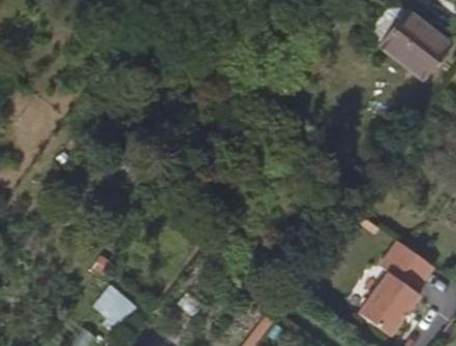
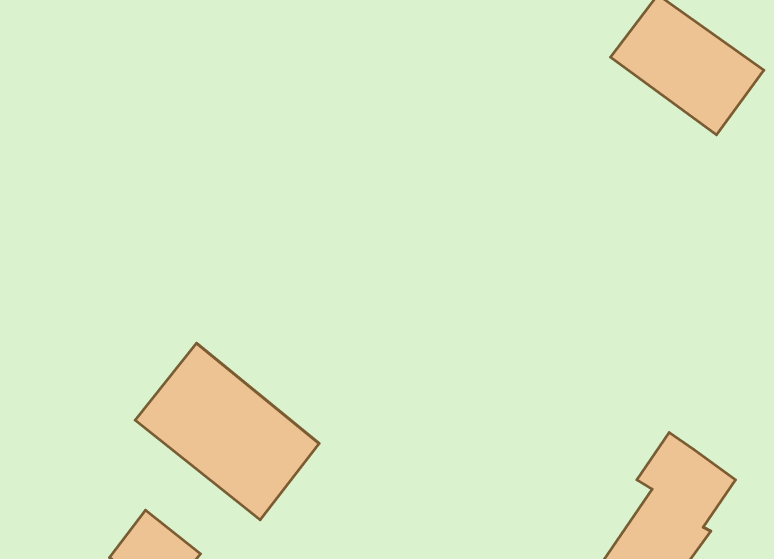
building: none -> [135,343,319,520]

